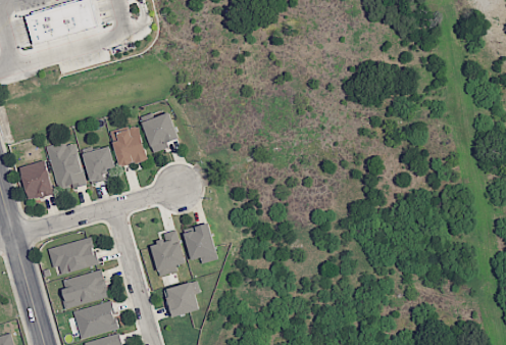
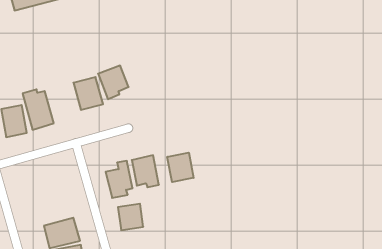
building: [83,146,115,184] -> none
building: none -> [167,153,194,182]
building: [48,237,97,274] -> none
building: [60,268,109,307] -> none

